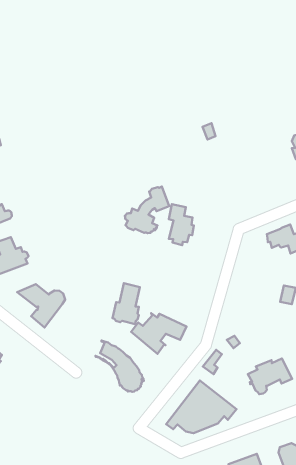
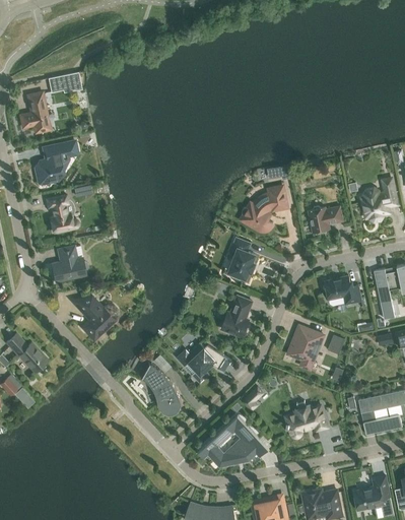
building: none -> [309,205,343,232]
building: [125,186,169,233] -> [242,186,287,230]
building: none -> [288,325,324,369]
building: [112,283,140,324] -> [221,295,253,336]

